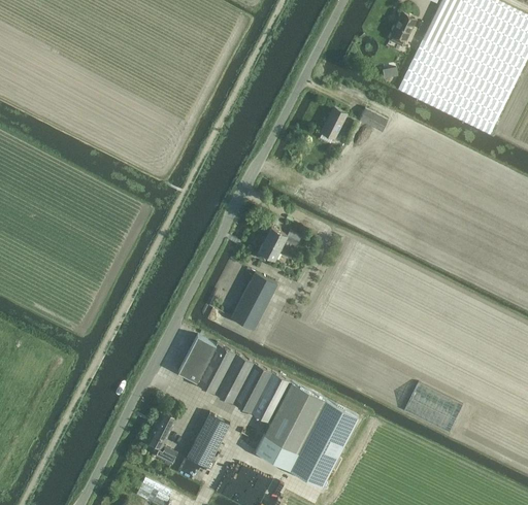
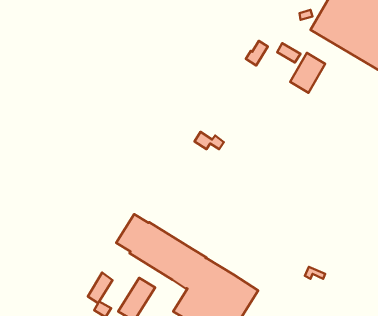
building: none -> [290,53,325,93]
building: [256,240,293,262] -> none
building: [231,273,277,331] -> none

